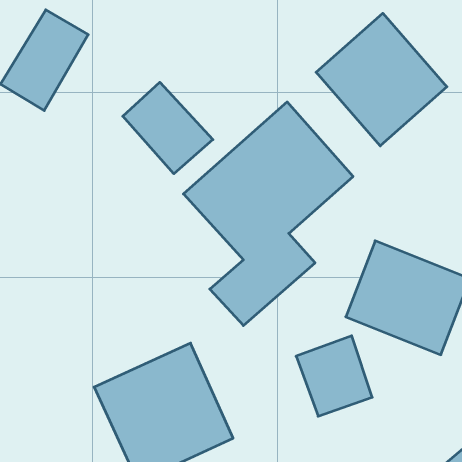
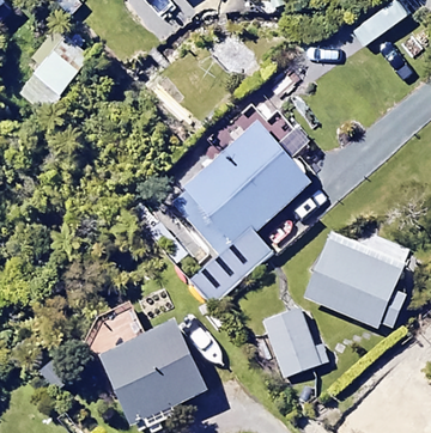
building: [316,13,447,146] -> none
building: [123,82,213,174] -> none

